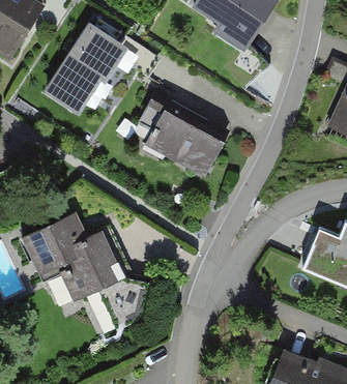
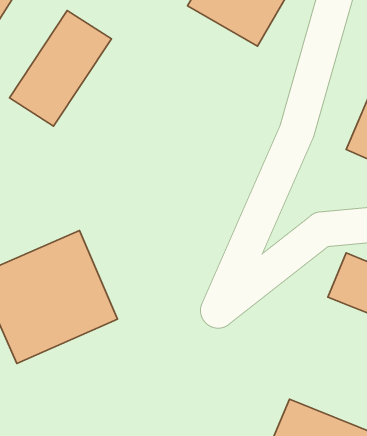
building: [132,98,233,179] -> none

